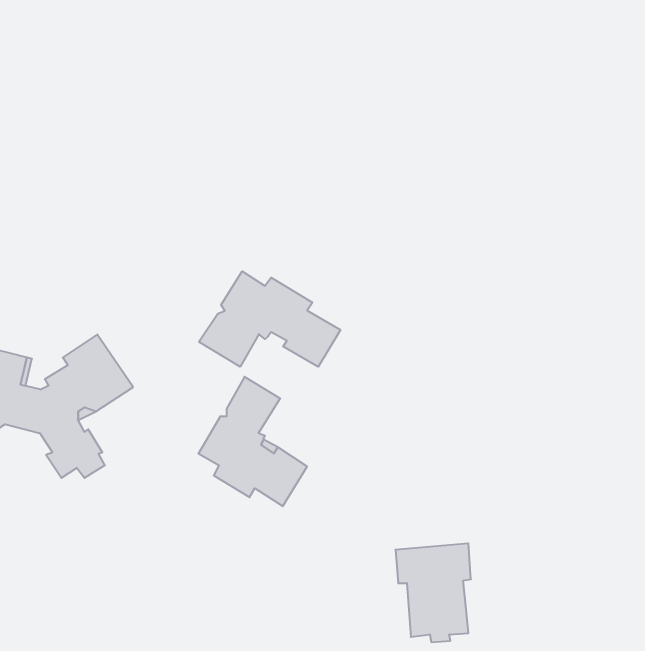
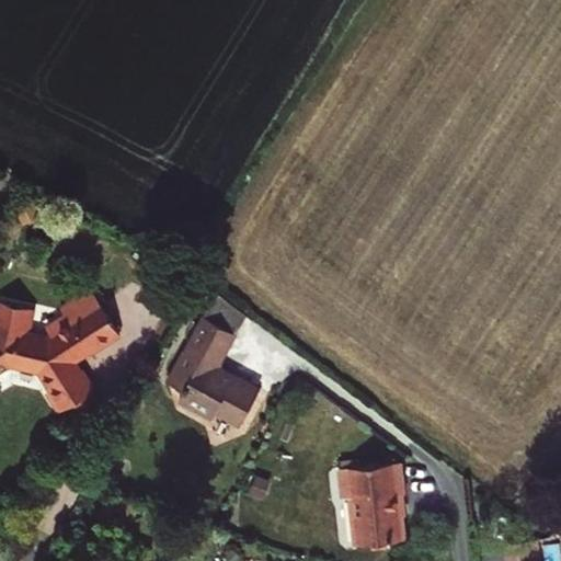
building: [199,271,340,367] -> none

